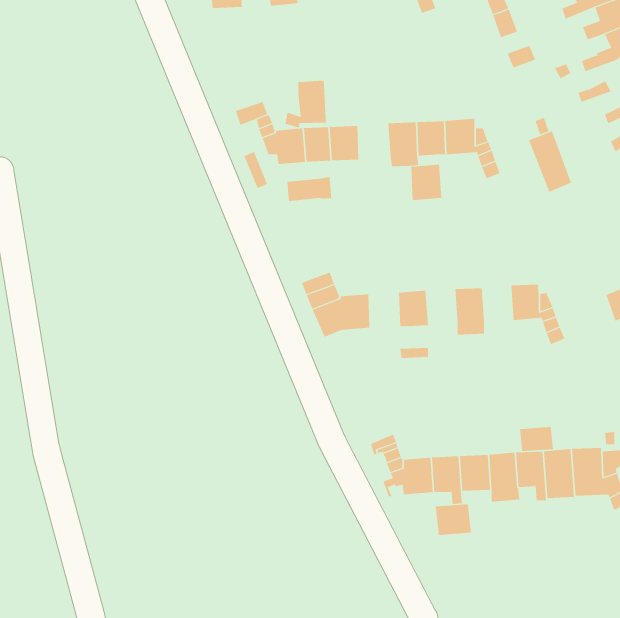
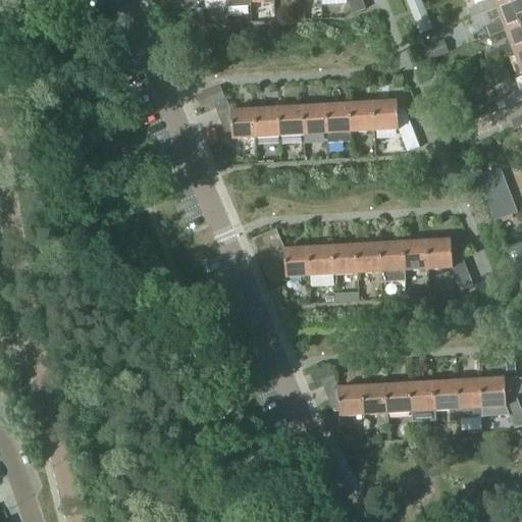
building: [285,80,326,128] -> none
building: [528,130,572,193] -> [479,167,516,219]
building: [411,164,442,201] -> [302,103,328,134]
building: [287,176,332,202] -> none
building: none -> [406,239,431,269]
building: none -> [359,242,384,272]
building: none -> [311,245,337,285]
building: [520,426,553,452] -> none
building: [435,503,471,536] -> none

